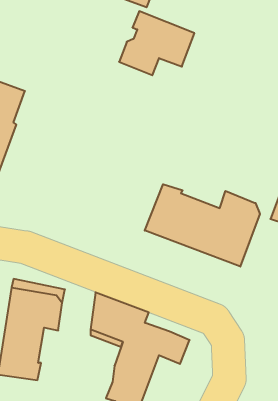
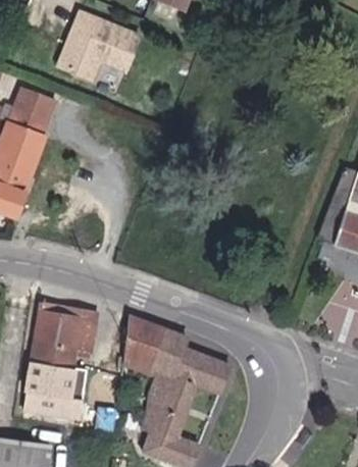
building: [119,11,194,75] -> [60,11,141,80]
building: [145,184,260,267] -> none

